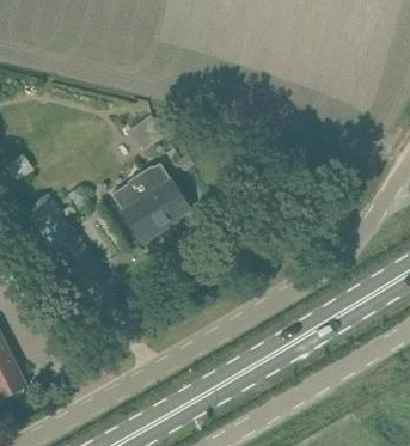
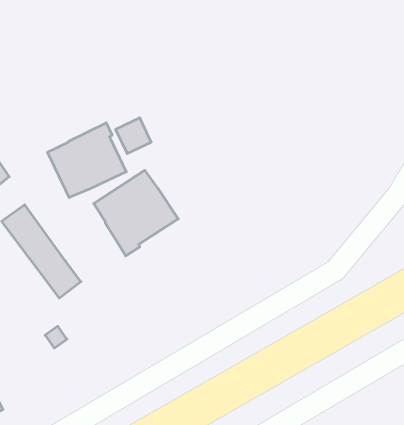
building: none -> [48,123,126,198]

